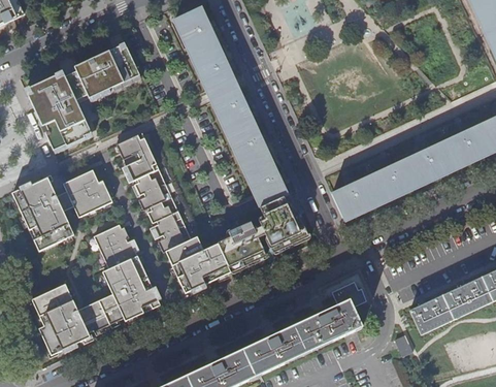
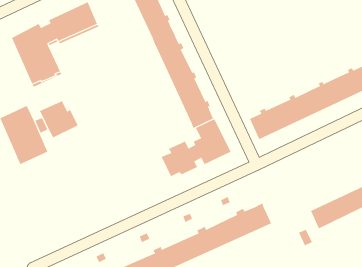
building: [115,132,229,289] -> none
building: [29,224,157,355] -> none
building: [333,281,366,307] -> none

